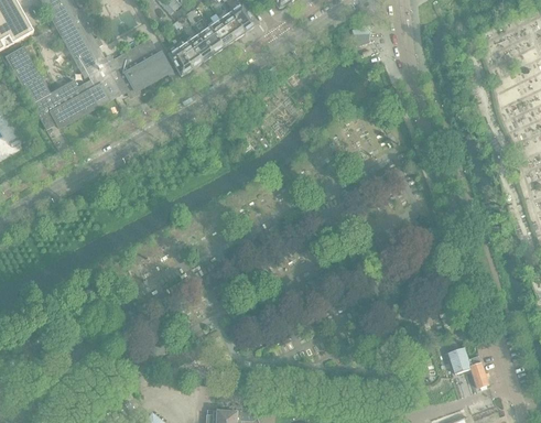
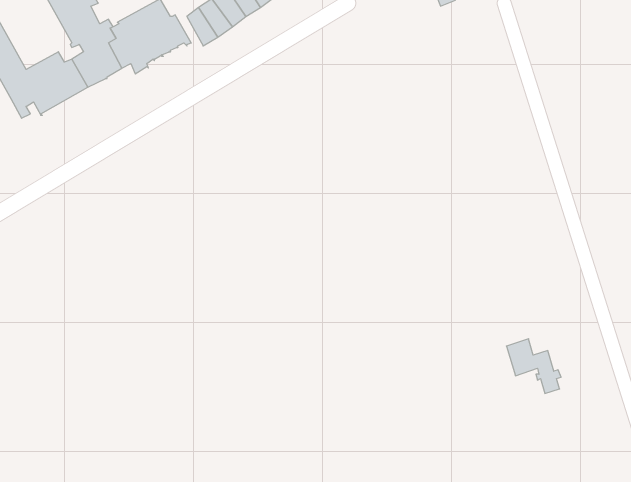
building: [448,345,489,386] -> [506,339,561,393]

